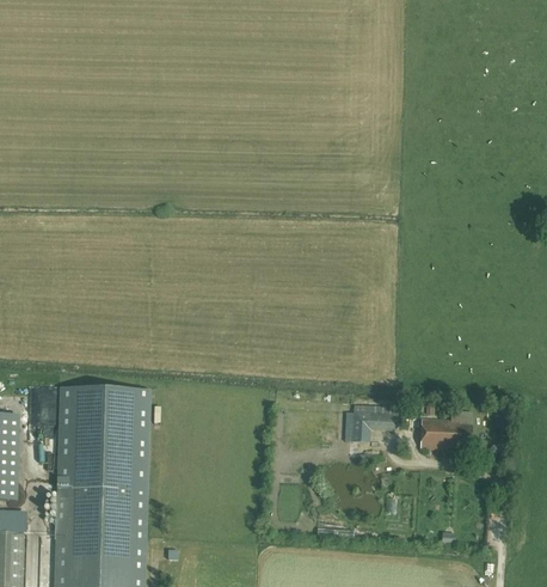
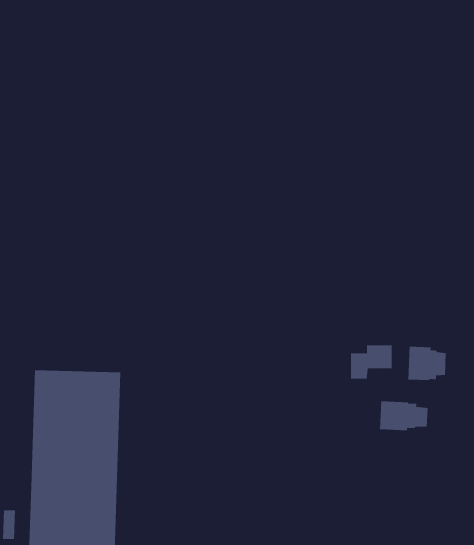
building: none -> [408,346,446,381]
building: [350,406,394,442] -> [350,345,393,379]

